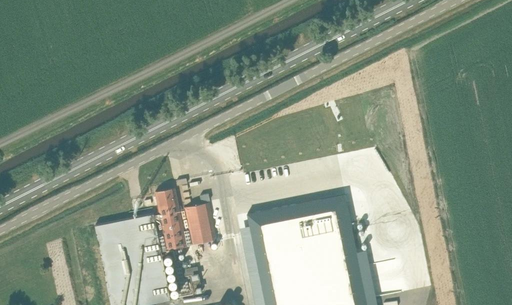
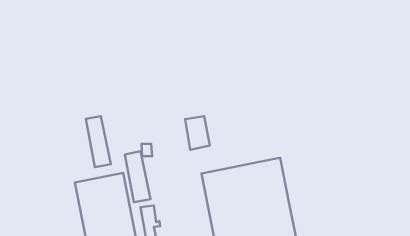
building: none -> [86,116,111,167]
building: [186,206,216,247] -> [185,116,210,150]

